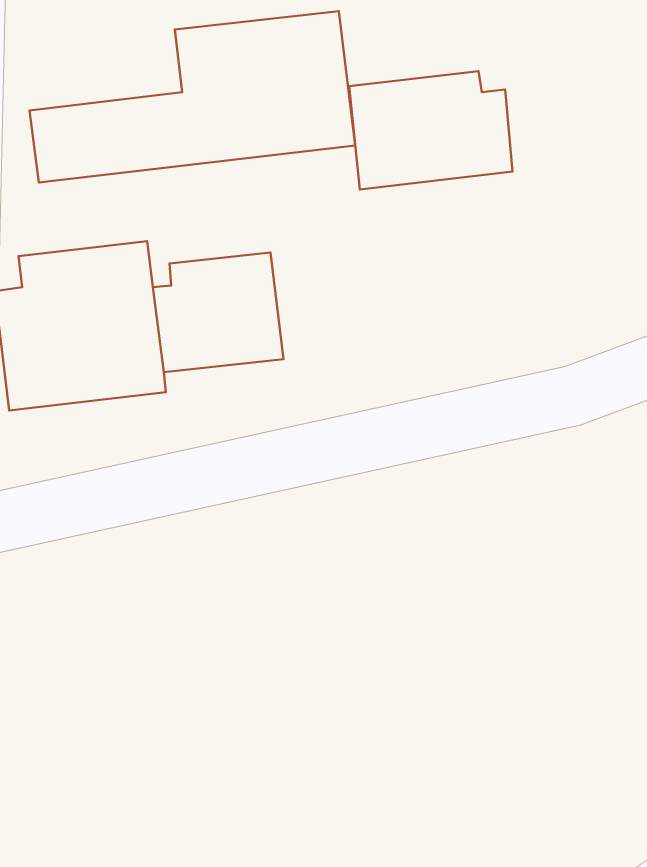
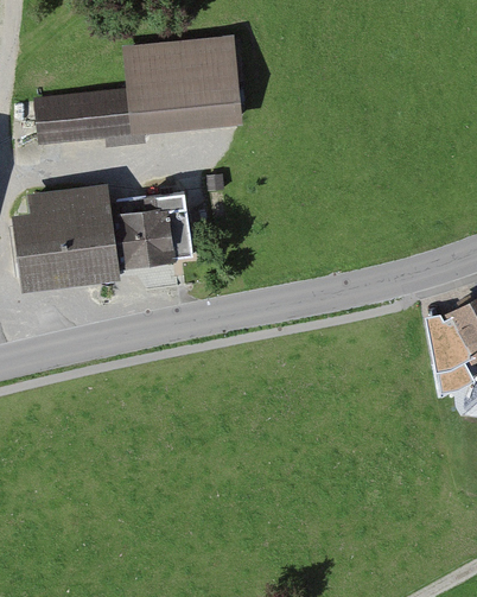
building: [349,71,512,189] -> none

